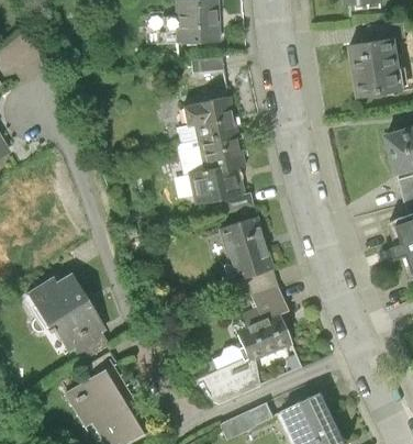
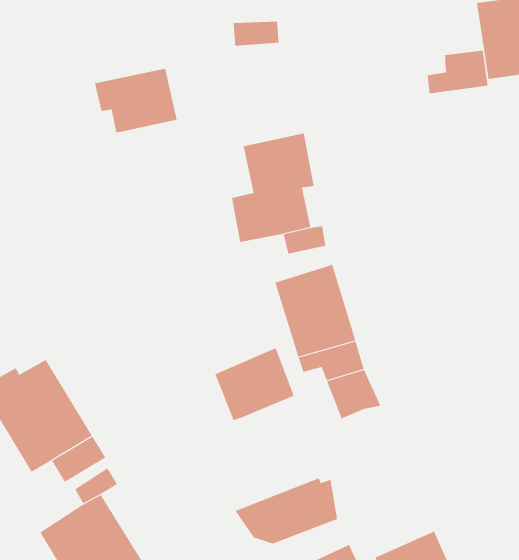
building: none -> [427,50,488,94]
building: [182,97,237,140] -> [94,68,178,133]
building: [236,313,289,362] -> [214,348,294,421]

